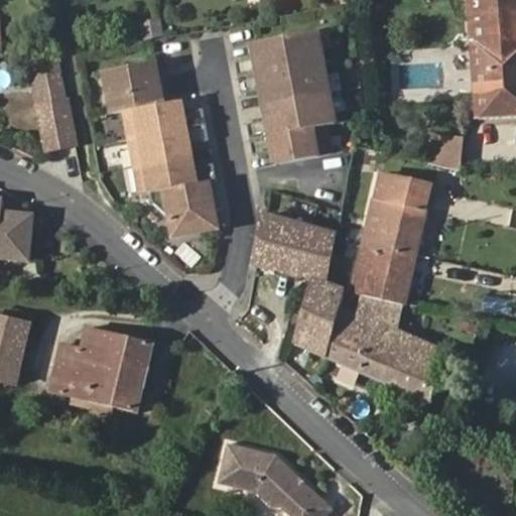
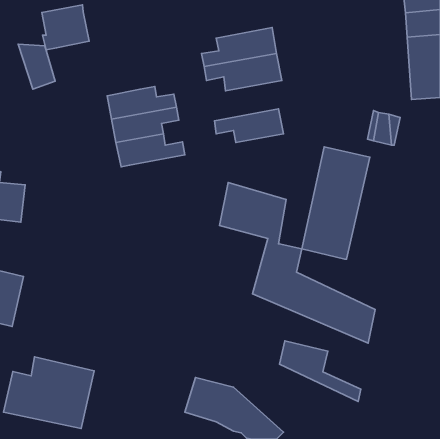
building: [108,61,163,114] -> [42,5,89,50]
building: [246,94,335,141] -> none
building: [38,95,78,143] -> none
building: [151,180,221,238] -> none
building: [346,290,440,361] -> [279,341,361,401]
building: [47,327,153,410] -> [3,357,94,429]

